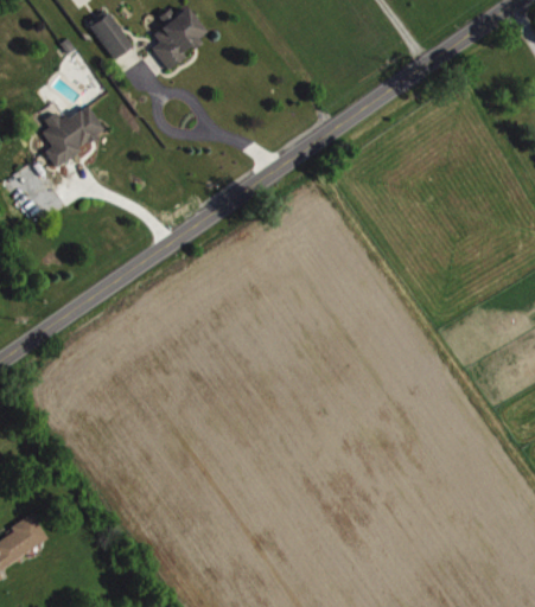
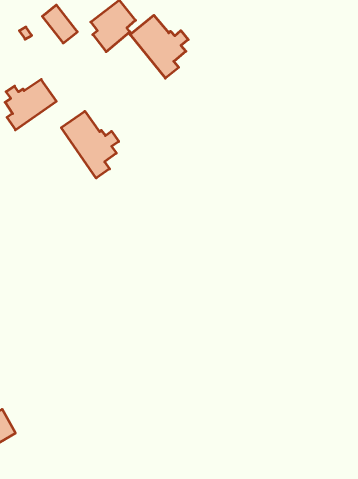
building: none -> [130,15,188,78]
building: none -> [61,111,119,178]

